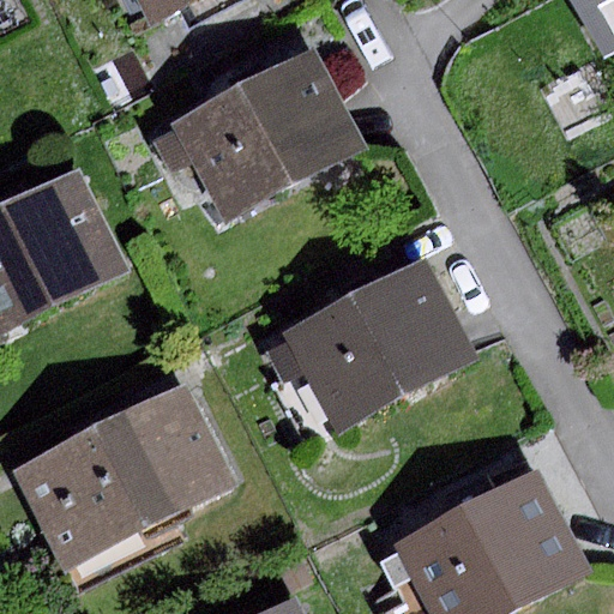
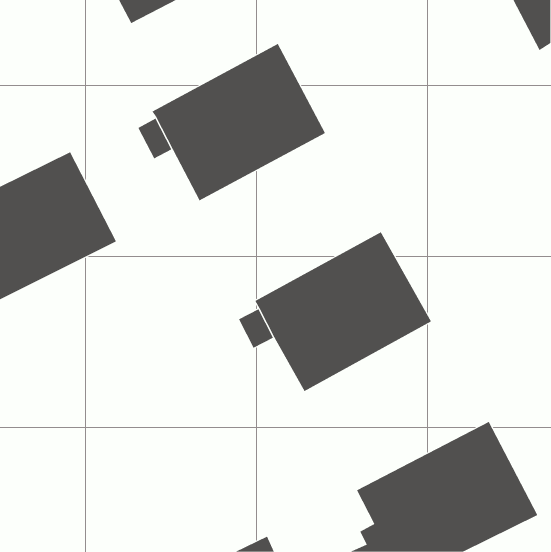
building: [11,381,233,568] -> none

